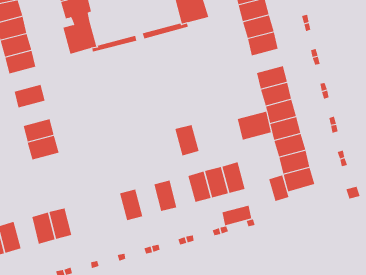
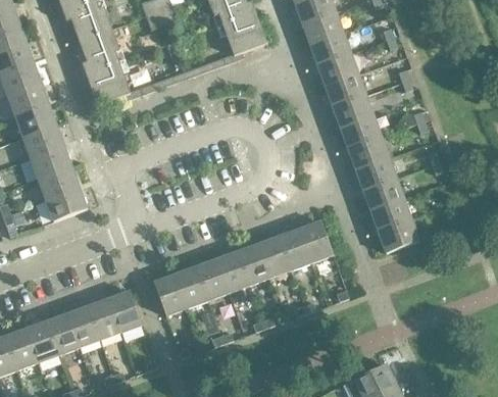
building: none -> [325,75,366,107]
building: none -> [22,125,64,158]
building: [237,111,272,141] -> none
building: [175,125,199,156] -> [237,244,270,285]
building: [27,135,59,160] -> [38,166,80,200]
building: [268,174,289,202] -> none
building: none -> [195,258,229,300]
building: none -> [153,274,187,315]
building: none -> [108,290,142,332]
building: [222,205,252,226] -> none
building: none -> [46,313,79,354]

